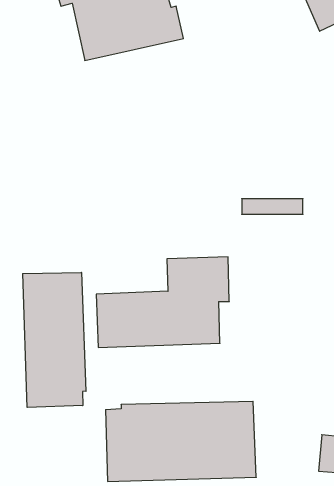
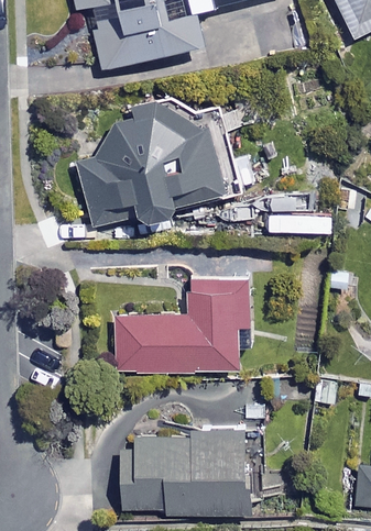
building: none -> [77,97,228,226]
building: [23,272,86,407] -> none

